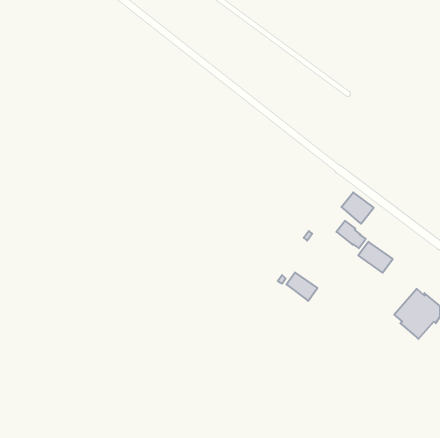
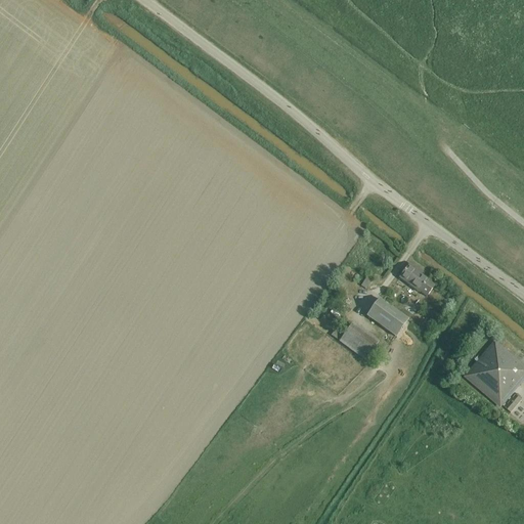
building: [341,192,374,224] -> none
building: [358,242,393,273] -> [366,297,407,334]

